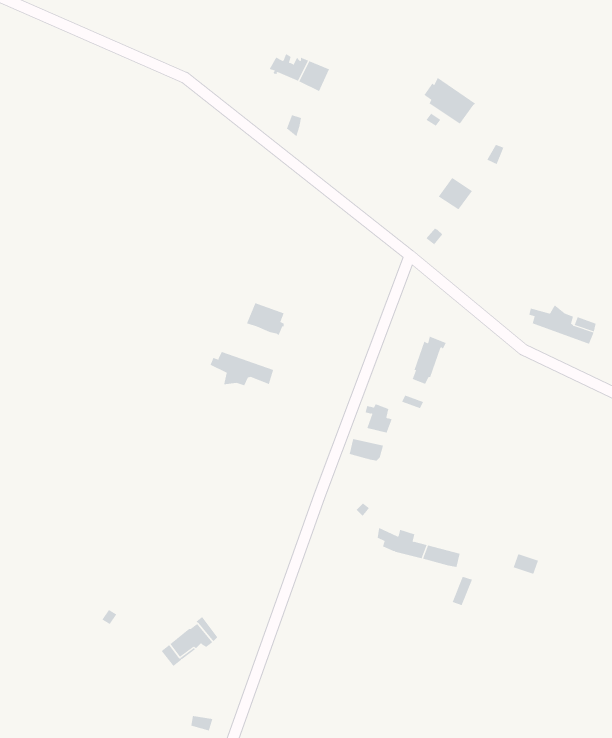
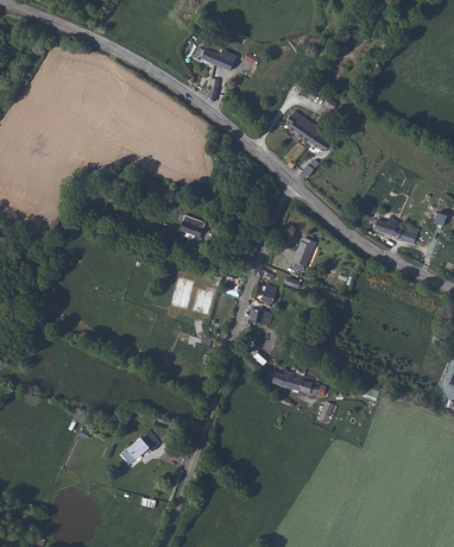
building: [423,77,476,124] -> [285,111,321,143]
building: [210,351,274,386] -> none

